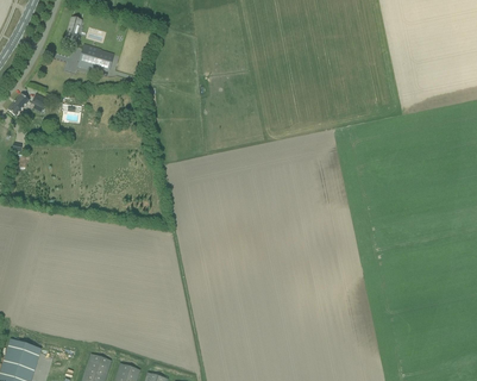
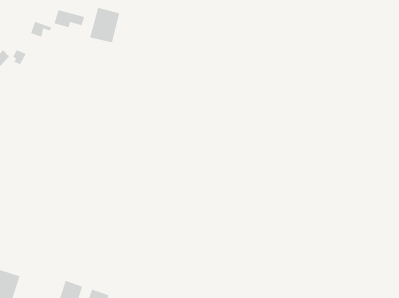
building: none -> [89,7,120,43]

